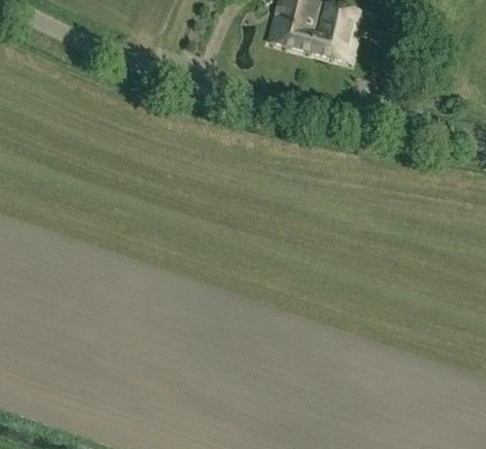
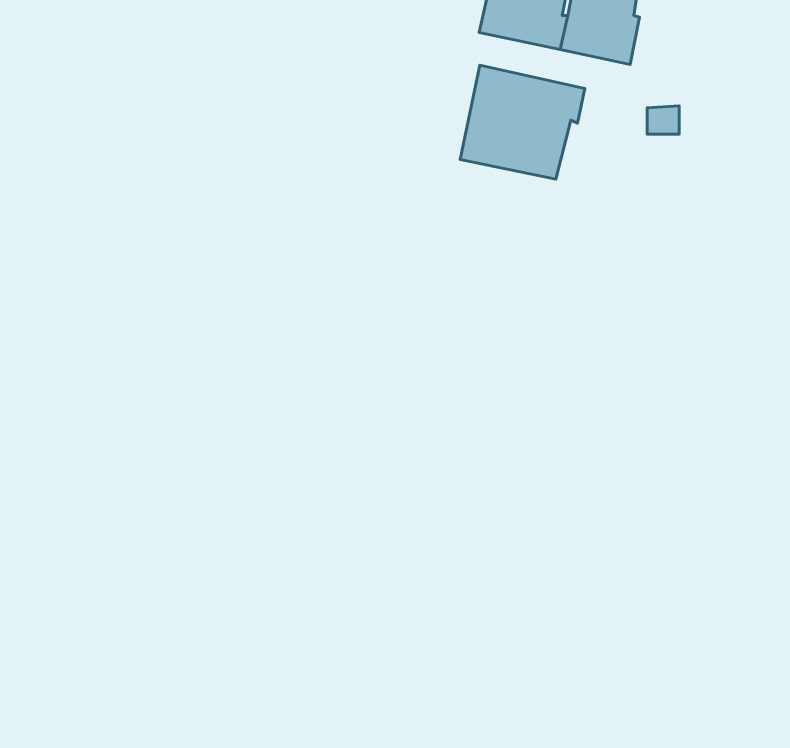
building: none -> [460,65,585,179]

